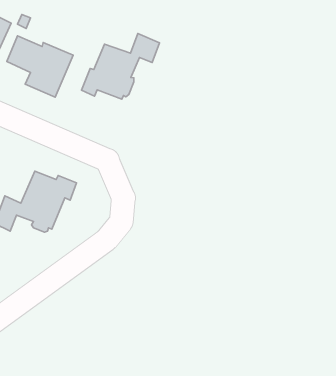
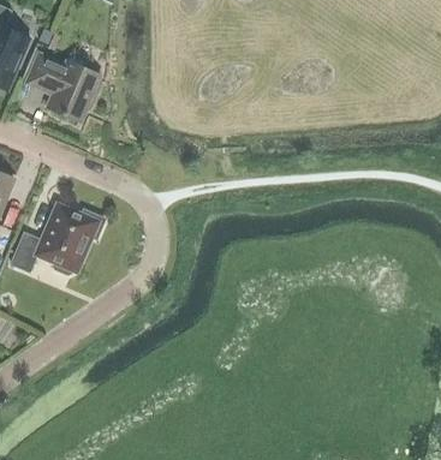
building: [81,34,159,99] -> none

